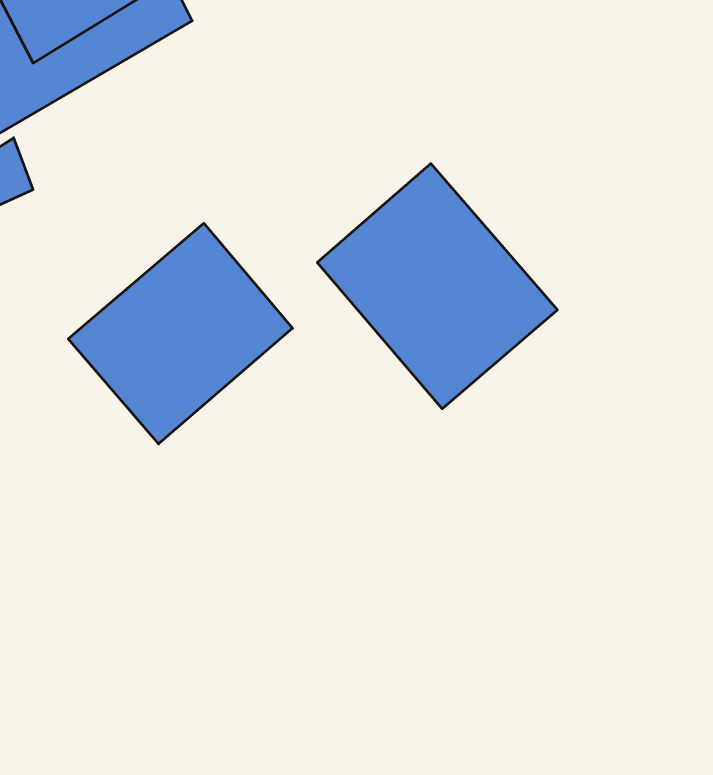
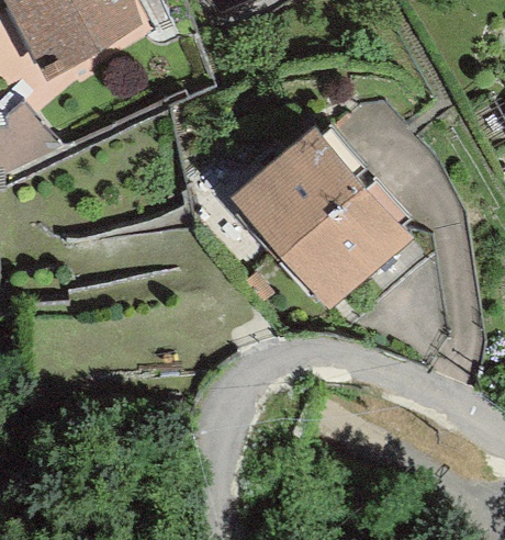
building: [68,223,293,444] -> none

